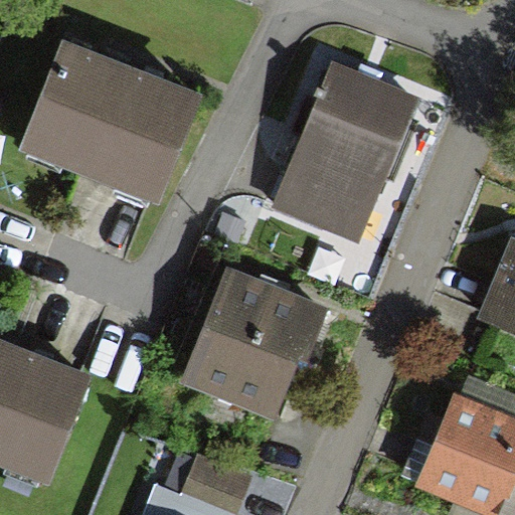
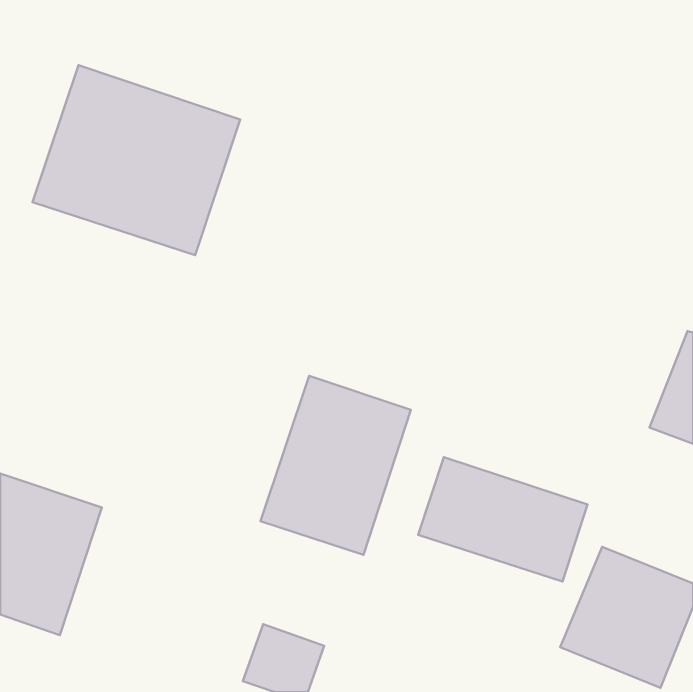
building: [287,74,410,237] -> none
building: none -> [418,457,588,582]

